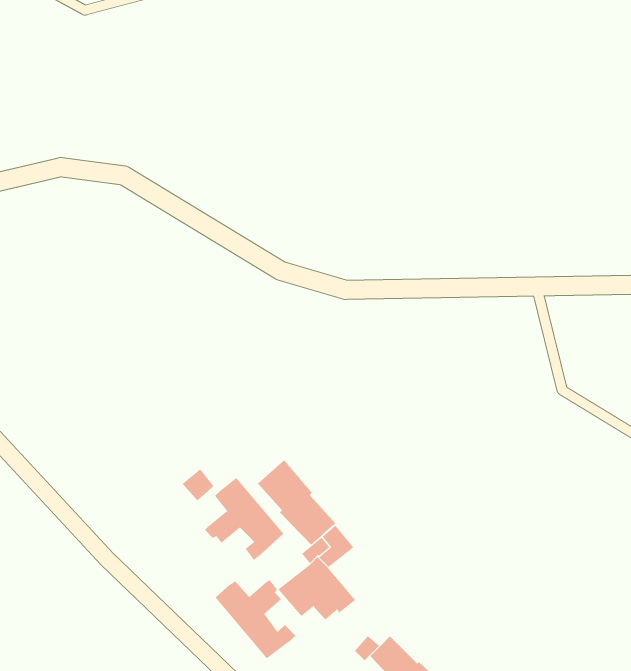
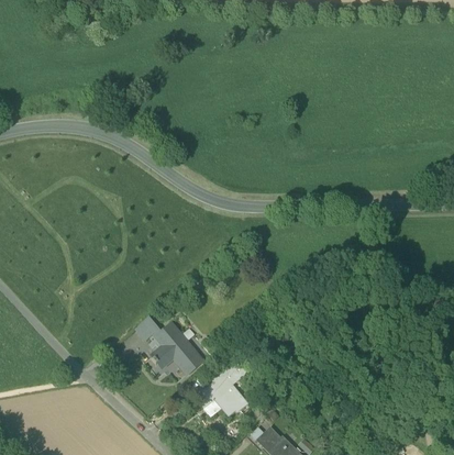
building: [257,460,336,546] -> none
building: [215,579,296,659] -> none

